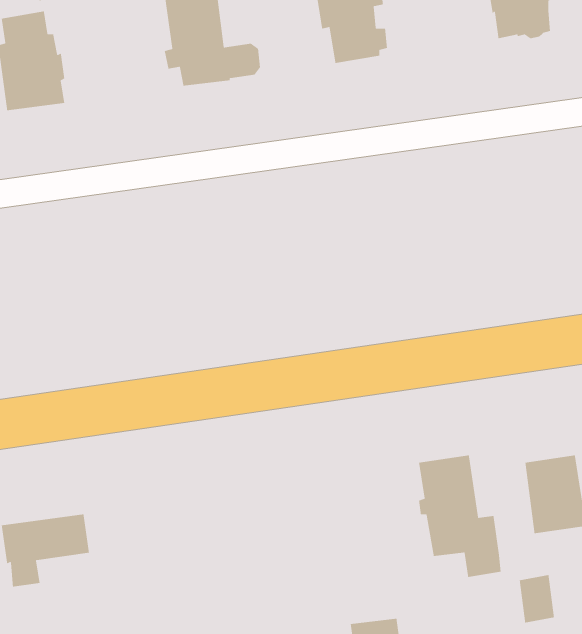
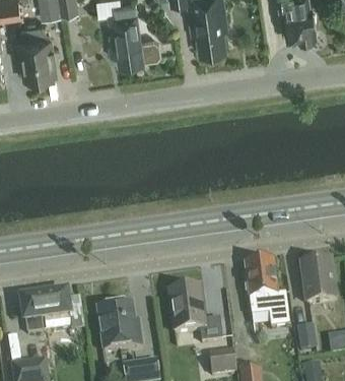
building: none -> [168,287,221,341]
building: none -> [97,303,141,351]

